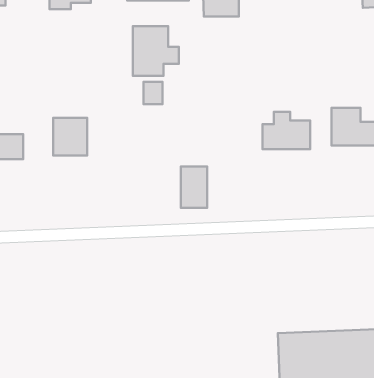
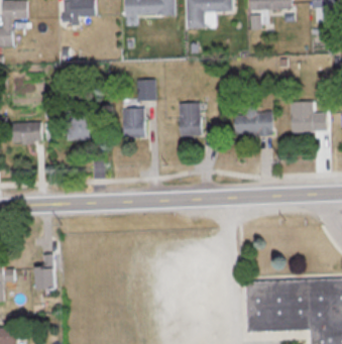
building: [133,26,179,76] -> none
building: none -> [122,109,144,137]
building: [181,167,207,208] -> [180,103,201,136]
building: none -> [35,266,55,289]

